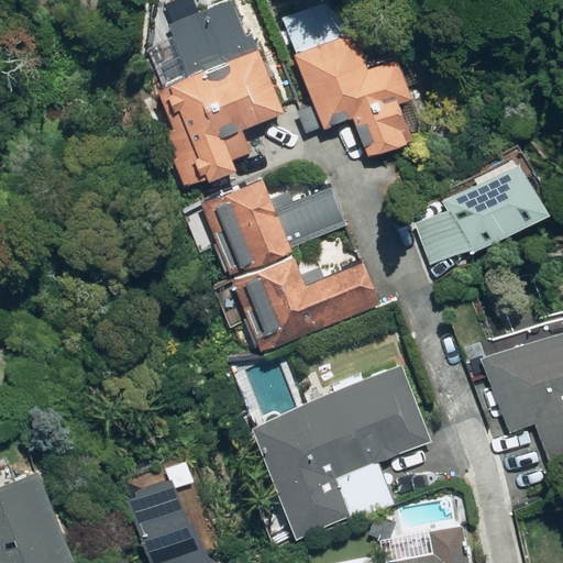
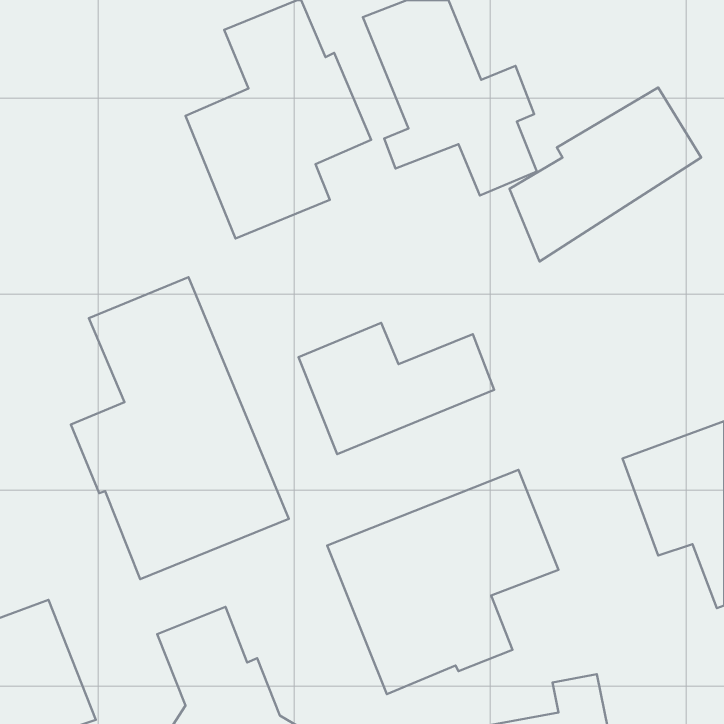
building: [405,153,552,287] -> [510,87,701,262]
building: [198,177,292,276] -> none
building: [283,188,342,243] -> none
building: none -> [71,277,289,579]

